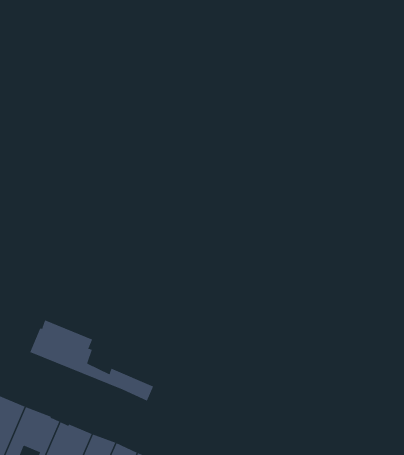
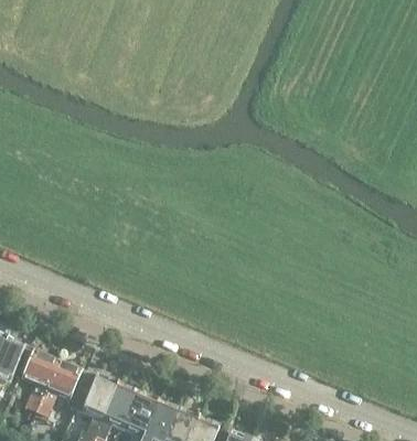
building: [30,320,154,402] -> none

